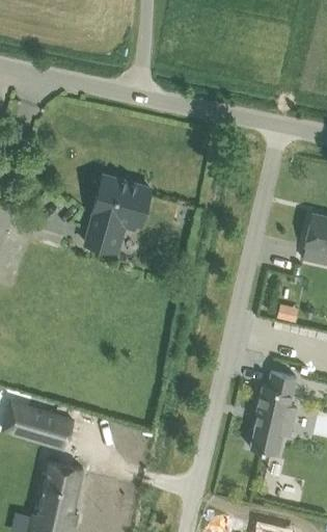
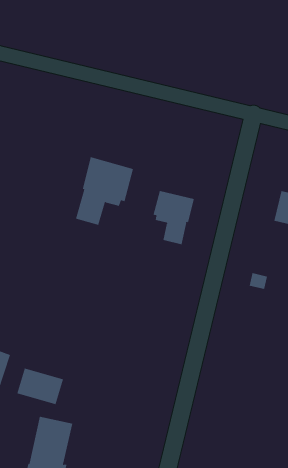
building: none -> [153,190,194,245]
building: [250,373,298,455] -> none

